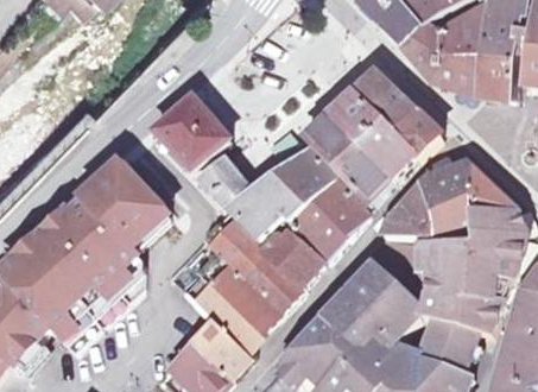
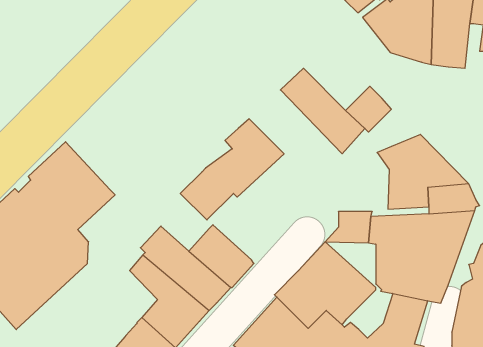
building: [354,69,419,133] -> none
building: [156,99,233,173] -> none
building: [308,113,392,201] -> none
building: [200,160,254,215] -> none
building: [390,175,438,230] -> none
building: [289,176,369,255] -> none
building: [201,219,261,272] -> none
building: [265,223,323,280] -> none

